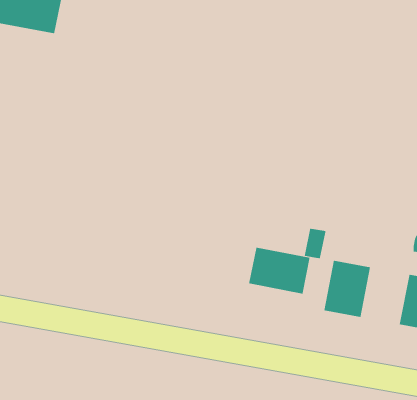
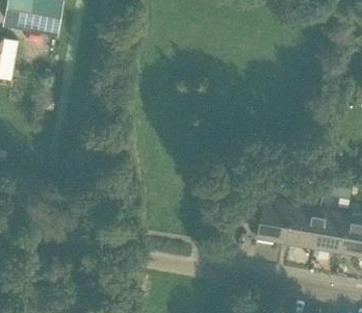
building: [249,247,310,294] -> none
building: none -> [285,206,320,249]

